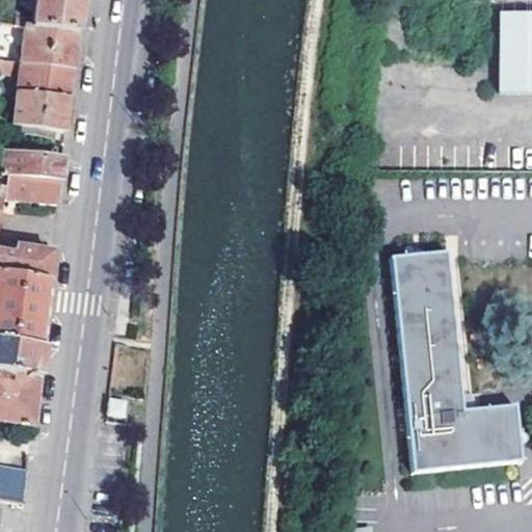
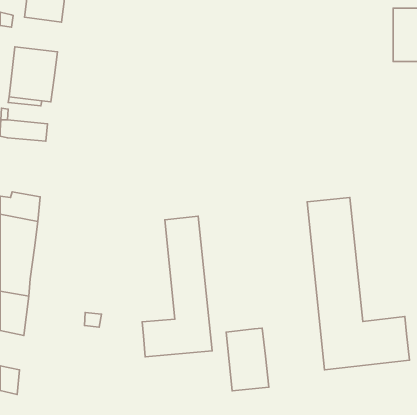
building: [15,22,80,65] -> none
building: [10,175,60,202] -> none
building: none -> [142,216,212,357]
building: none -> [226,328,269,391]

